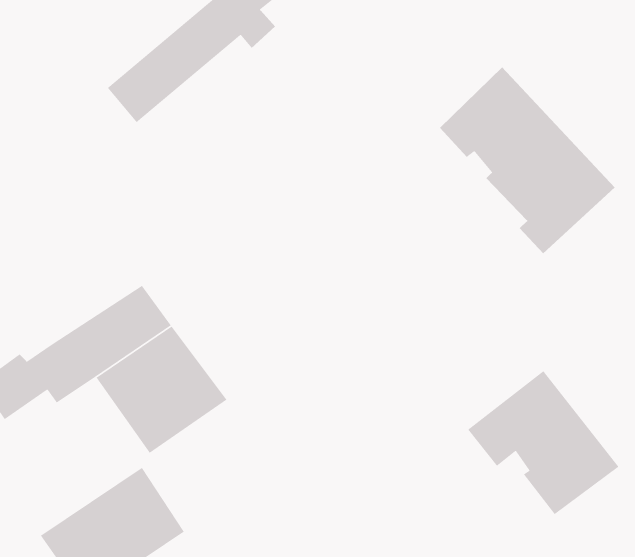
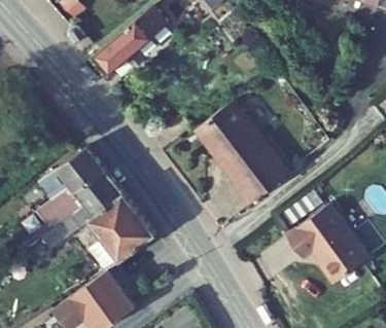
building: [439,67,616,254] -> [189,113,287,217]
building: none -> [38,141,106,198]

